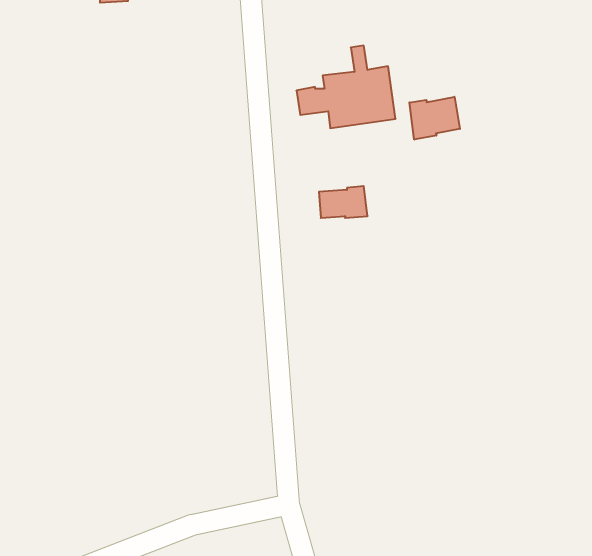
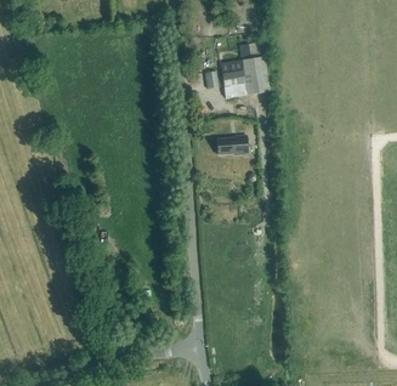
building: [409,97,460,140] -> none

